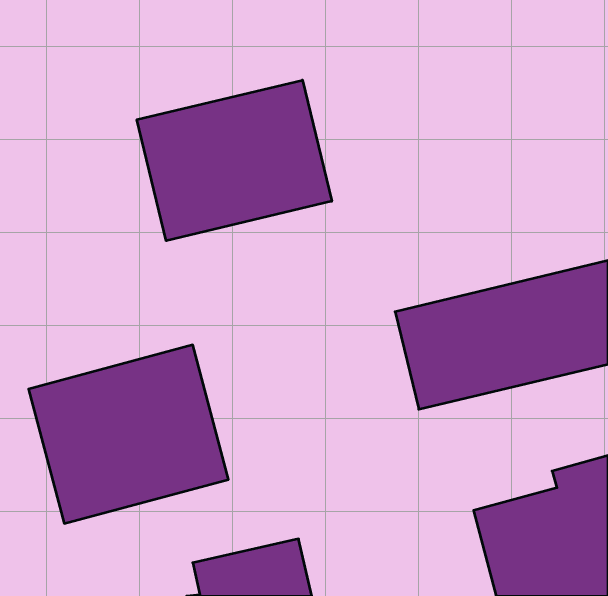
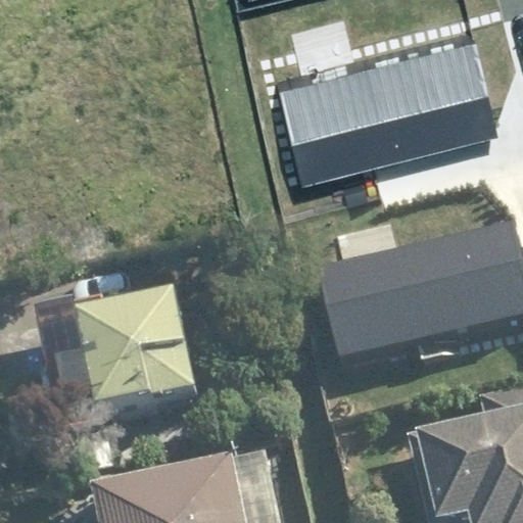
building: none -> [293,23,515,155]
building: [137,80,332,241] -> none

